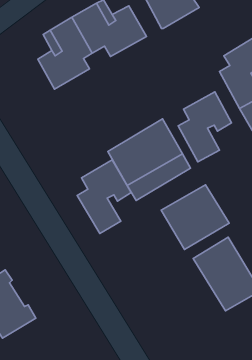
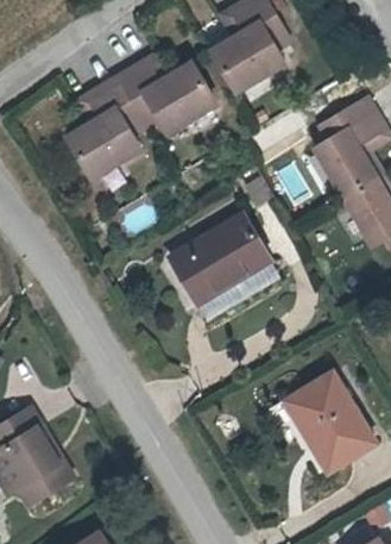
building: [178,92,232,162] -> none
building: [77,160,131,233] -> none
building: [161,185,229,249] -> none

